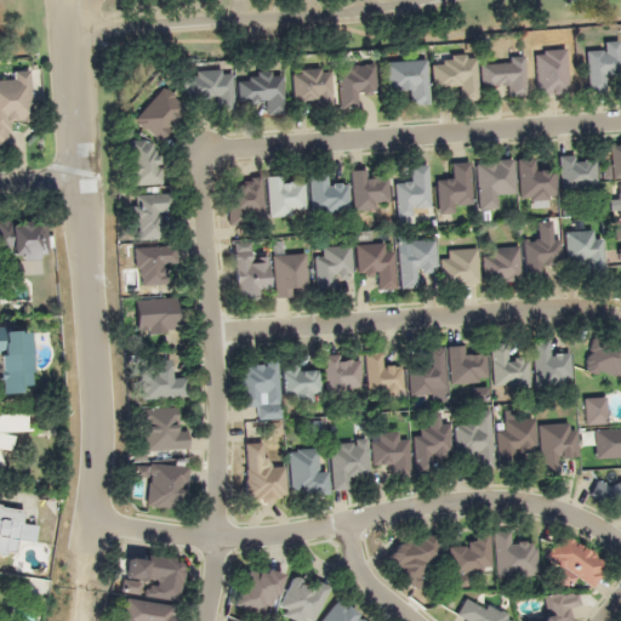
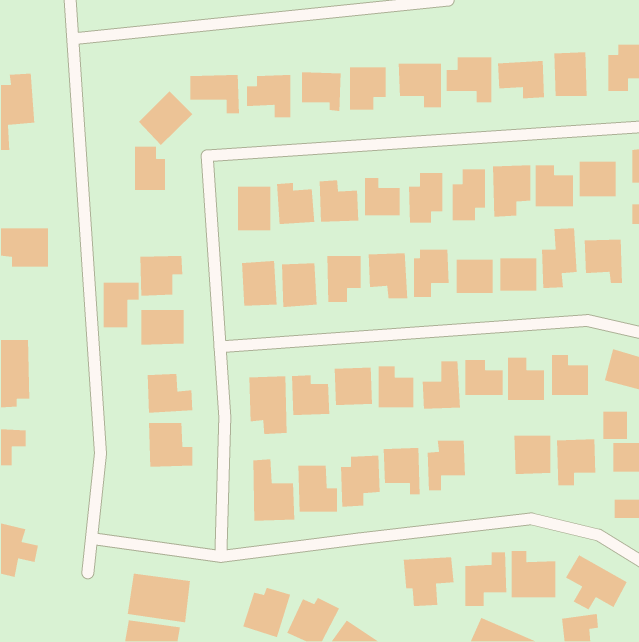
building: [138,194,173,239] -> [103,282,139,328]
building: [457,411,495,468] -> none
building: [137,465,189,508] -> none

